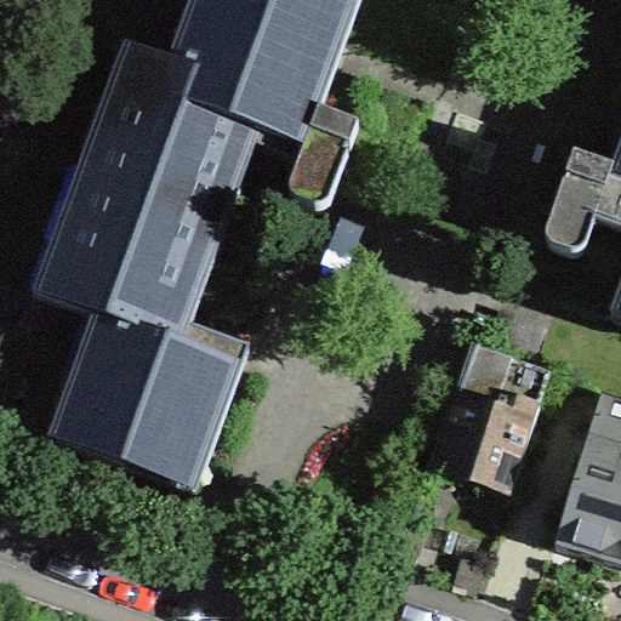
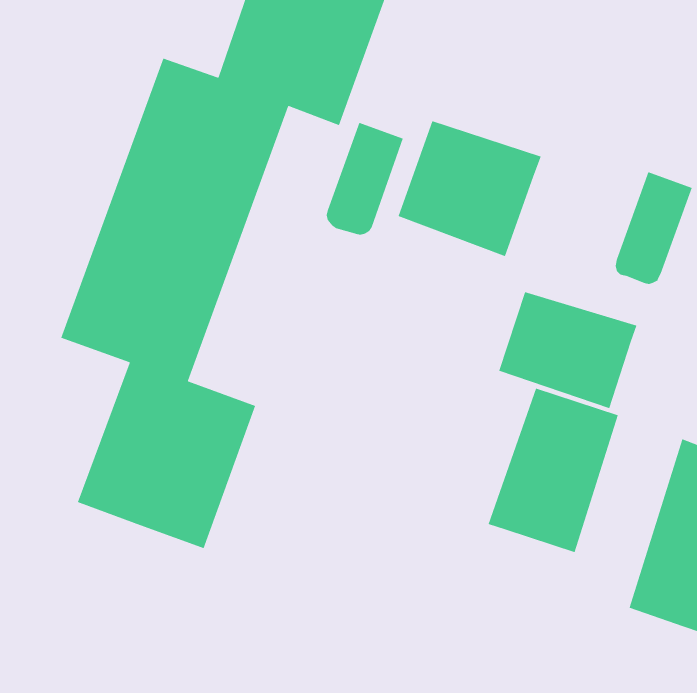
building: none -> [397,120,542,257]
building: none -> [498,291,637,409]

